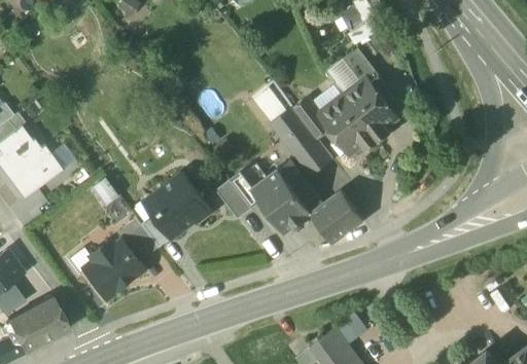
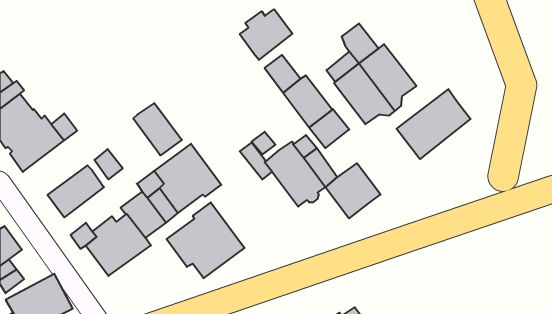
building: none -> [240,9,292,60]
building: [342,48,385,92] -> none
building: [293,98,328,139] -> none
building: none -> [397,89,471,159]
building: none -> [133,103,182,155]
building: [216,180,250,217] -> none
building: none -> [48,165,104,217]
building: none -> [167,202,245,278]

